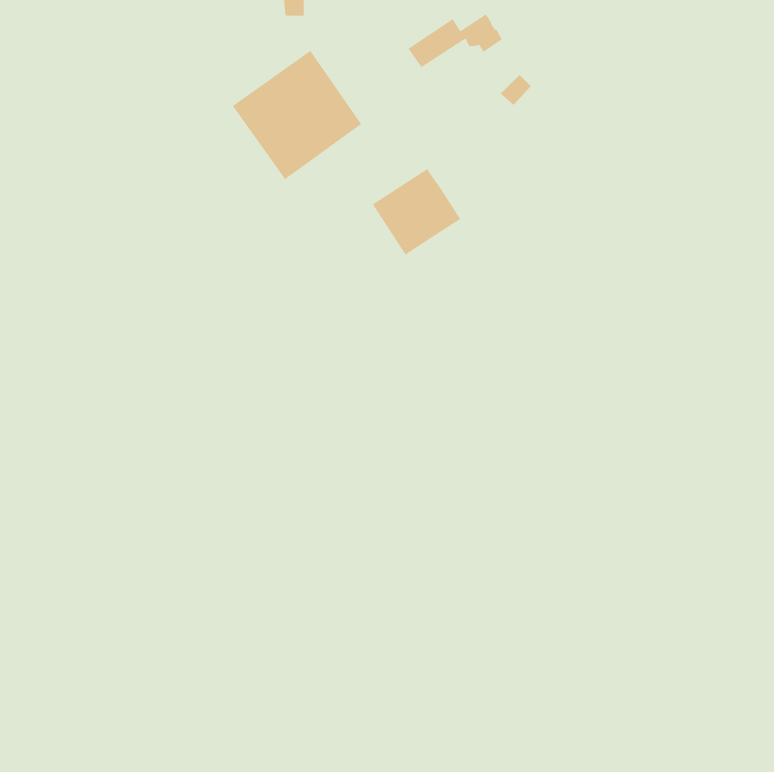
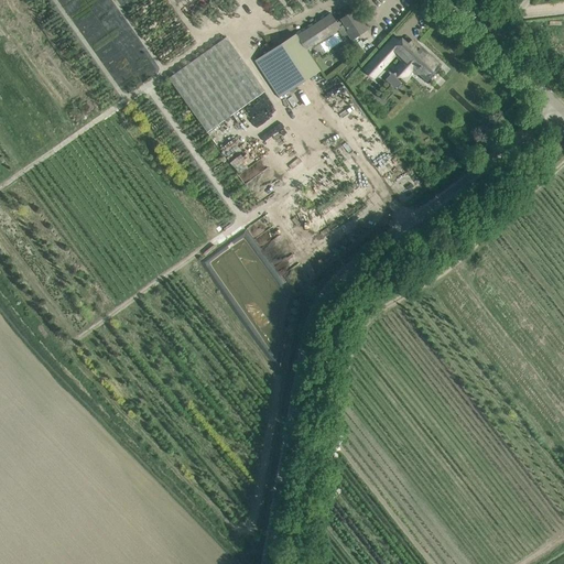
building: none -> [391,40,440,82]
building: [372,168,461,256] -> [254,33,319,97]

